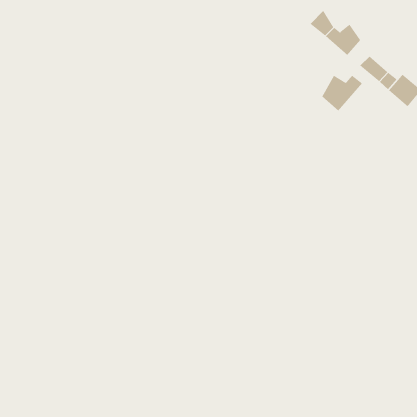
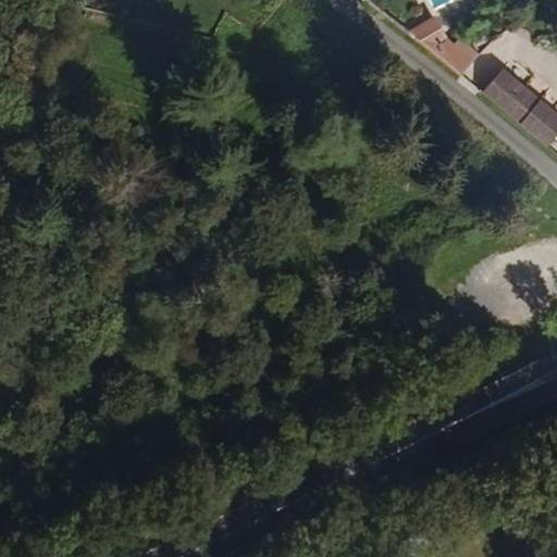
building: [321,75,363,111] -> none

